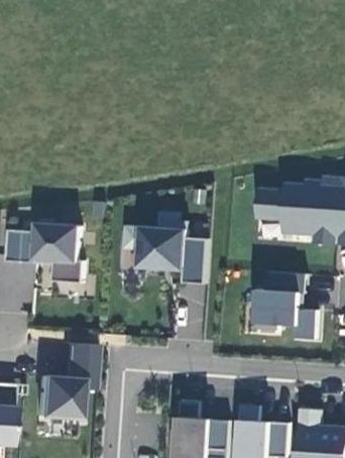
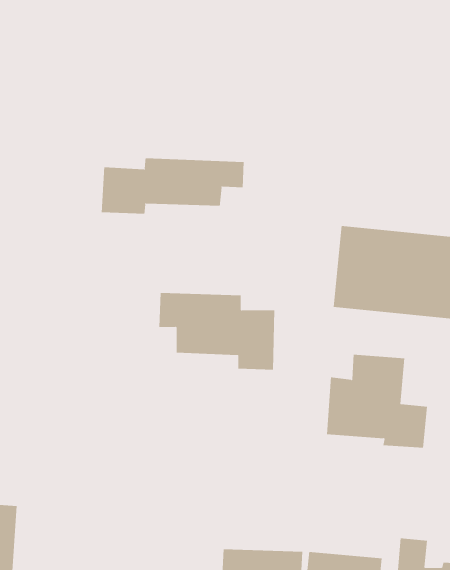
building: none -> [101,158,244,214]
building: [9,223,87,282] -> none
building: [40,342,101,419] -> none

